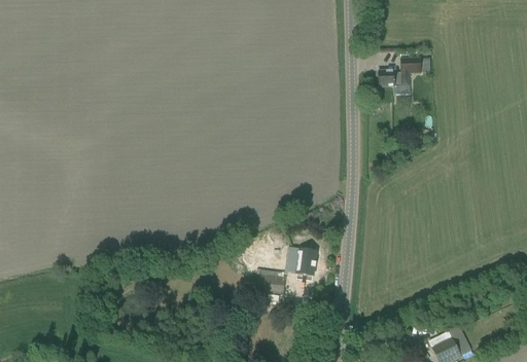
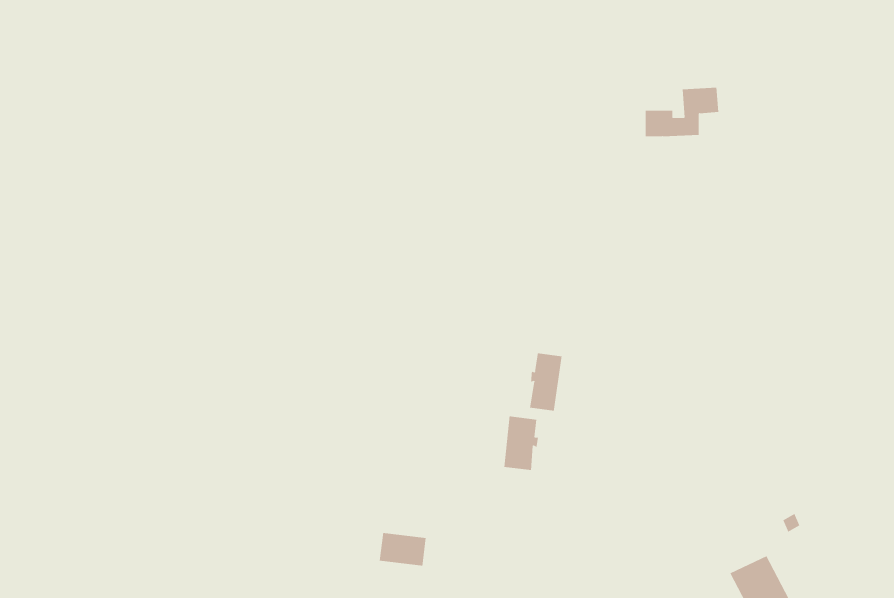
building: none -> [529,353,562,411]
building: [257,273,285,292] -> [379,532,427,566]

